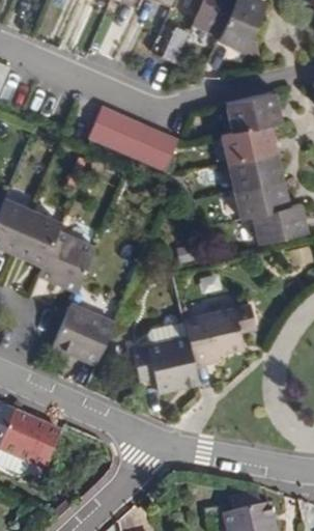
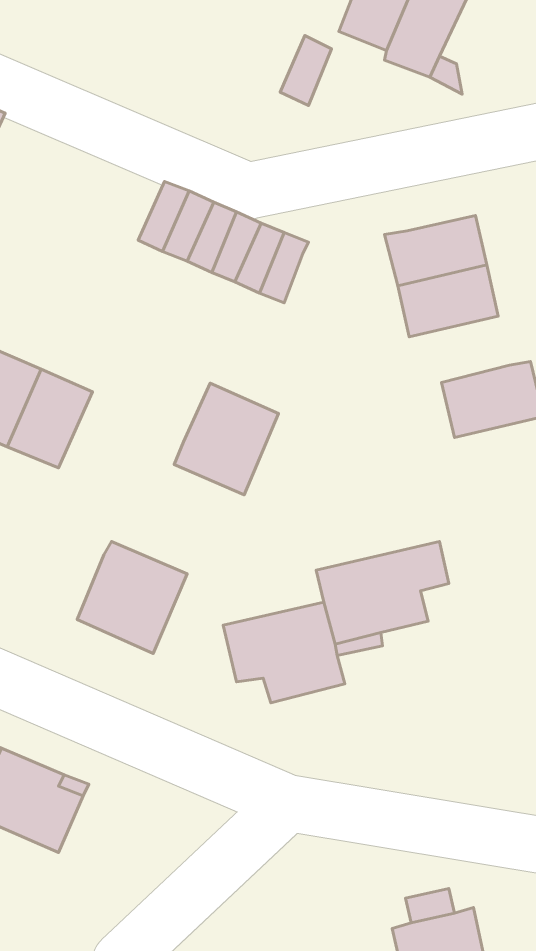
building: [226,91,282,131] -> none
building: [234,177,289,216] -> none
building: [37,228,94,289] -> [174,383,278,495]

